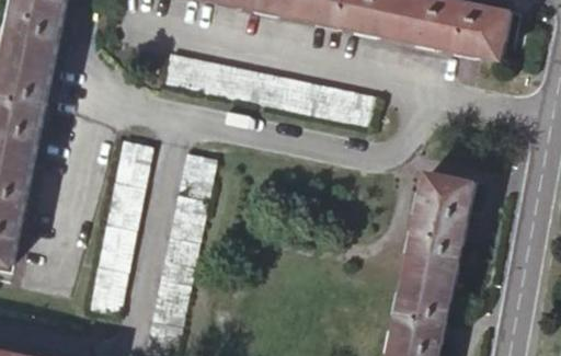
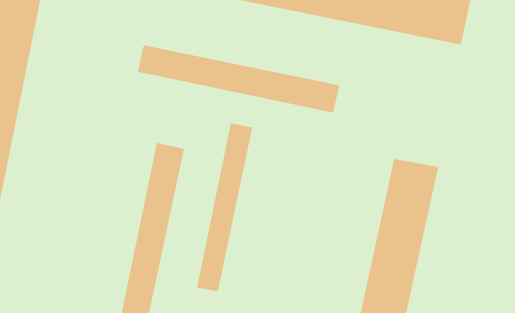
building: none -> [196,122,253,292]
building: [90,146,151,317] -> none

